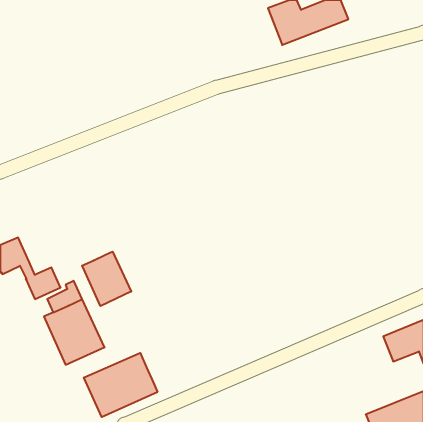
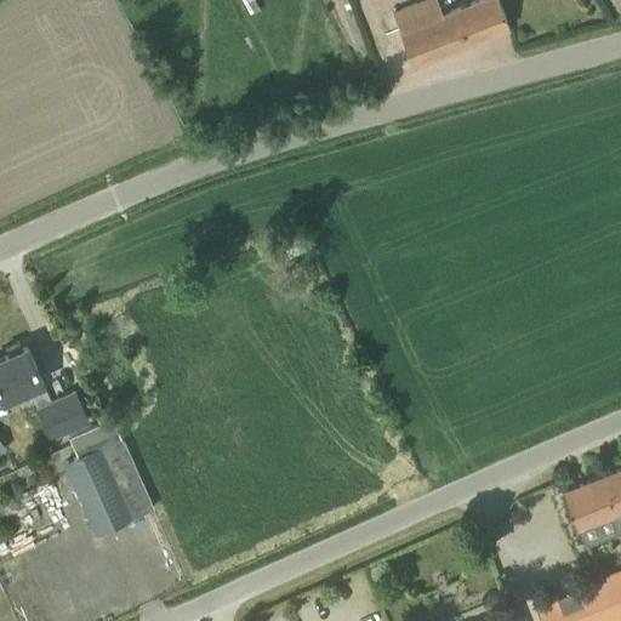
building: [82,252,131,306] -> none
building: [84,353,157,417] -> none

